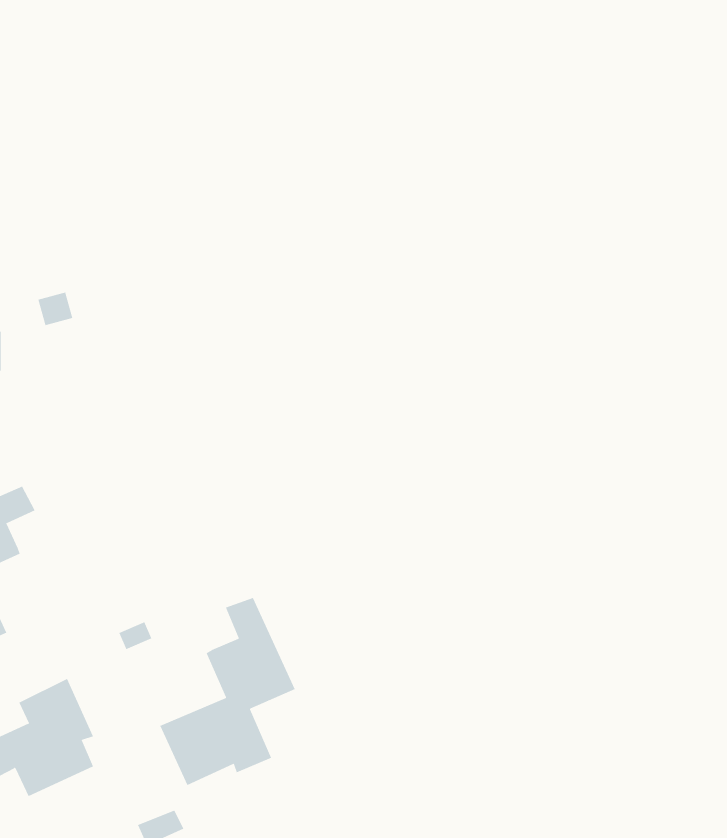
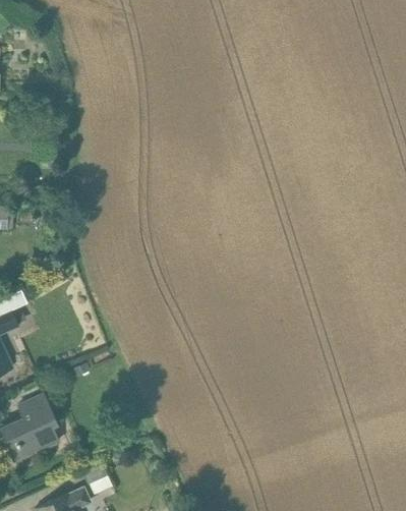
building: [159,597,295,786] -> none

